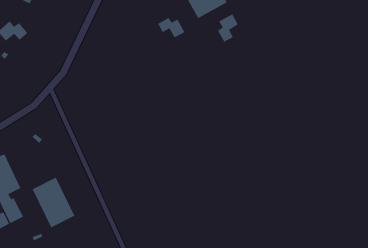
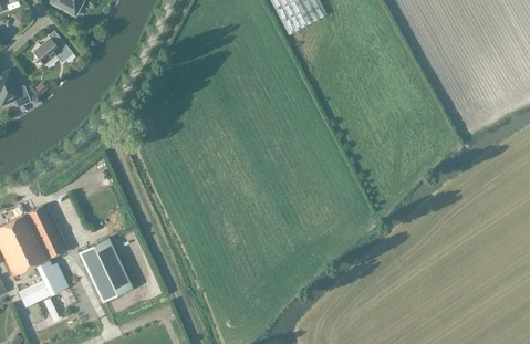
building: [217,13,238,42] -> none
building: [158,17,185,38] -> none

